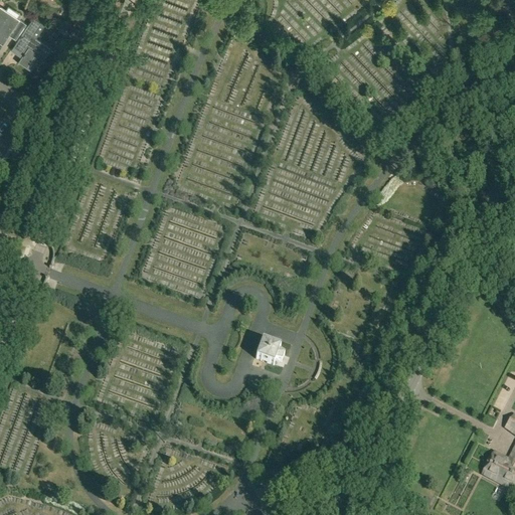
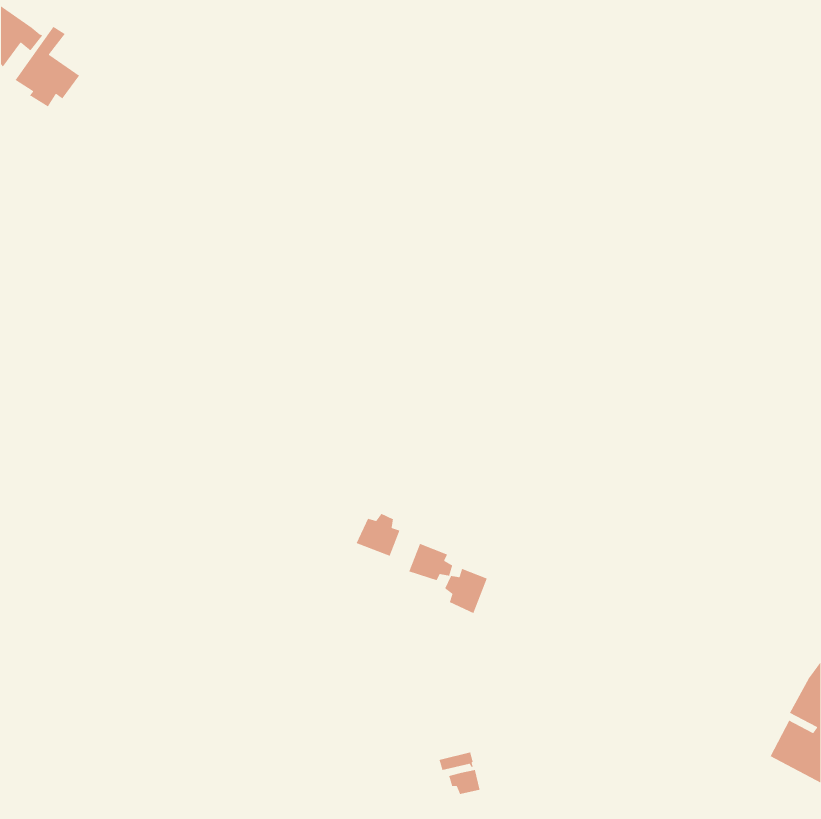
building: none -> [356,513,401,557]
building: none -> [444,568,488,614]

